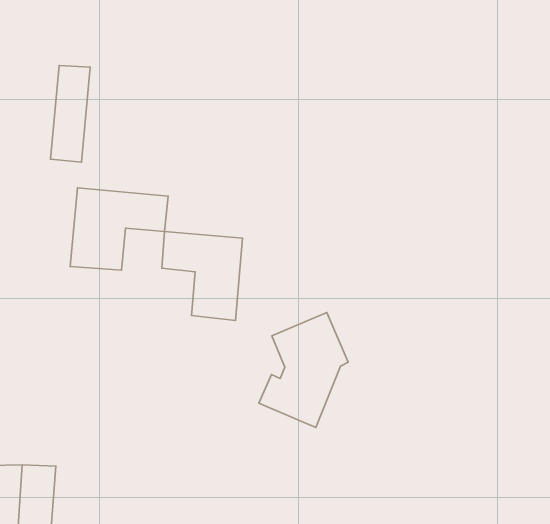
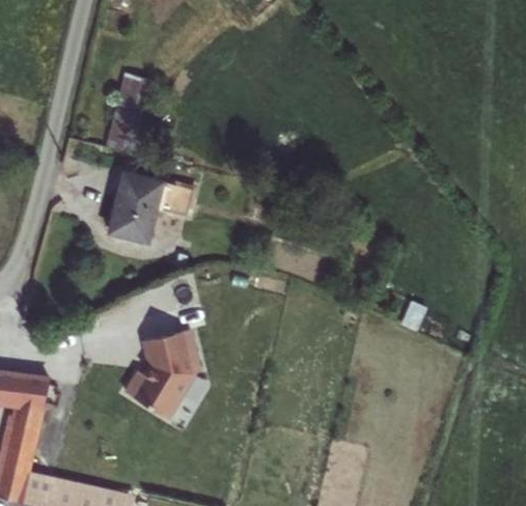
building: [162,231,243,320] -> none
building: [259,312,348,427] -> [122,330,197,418]

